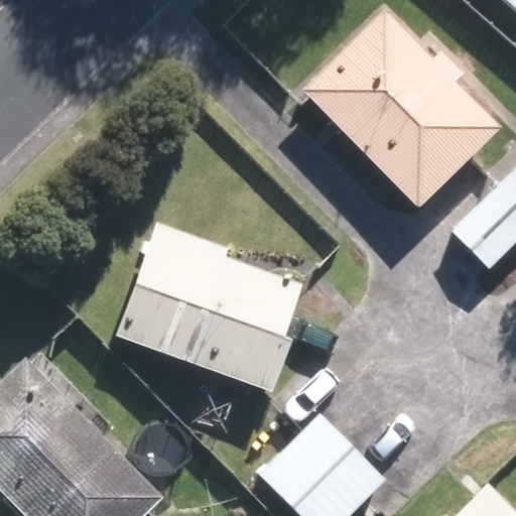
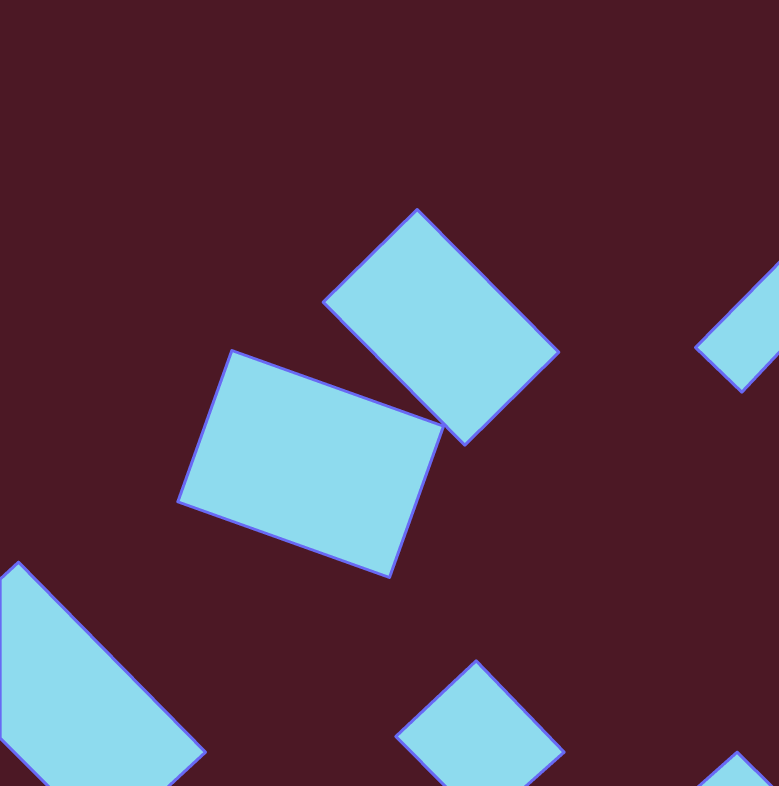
building: [310,19,484,192] -> none
building: none -> [323,209,559,445]

